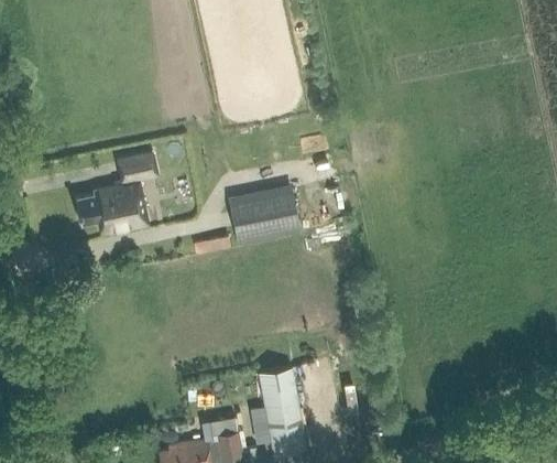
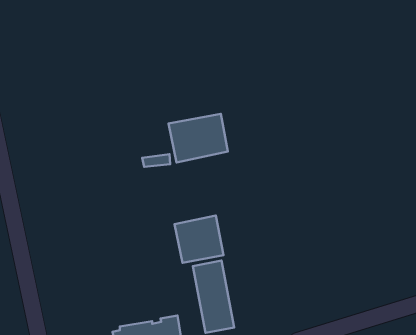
building: [75,150,159,234] -> none
building: none -> [175,215,223,263]

